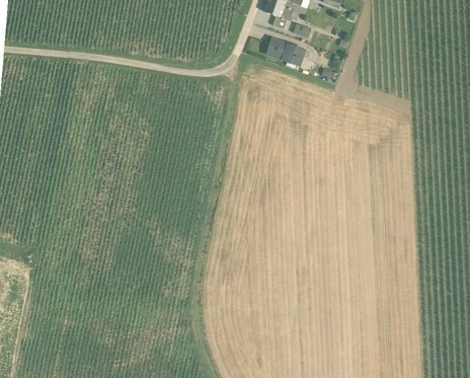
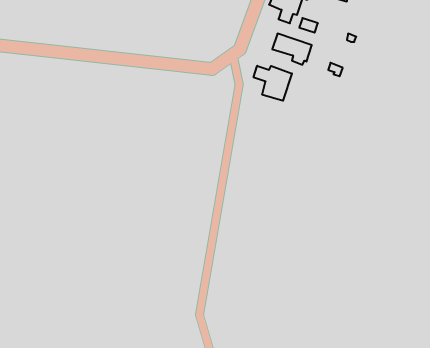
building: none -> [254,66,292,101]

